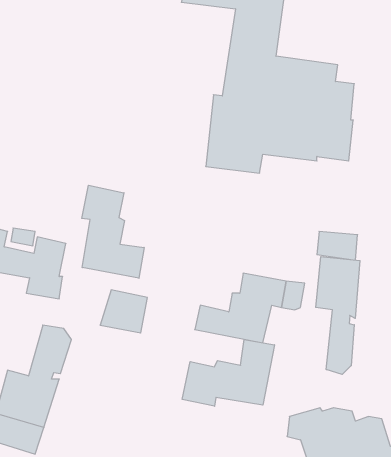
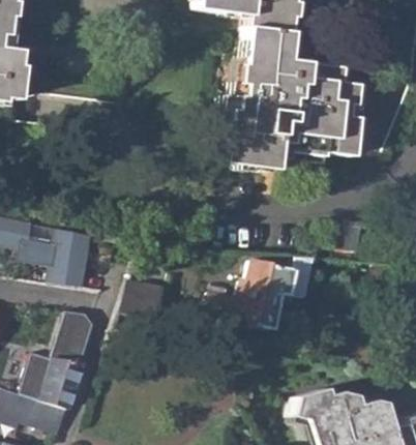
building: [82,185,144,278] -> none
building: [316,257,360,374] -> none
building: [182,340,274,406] -> none

